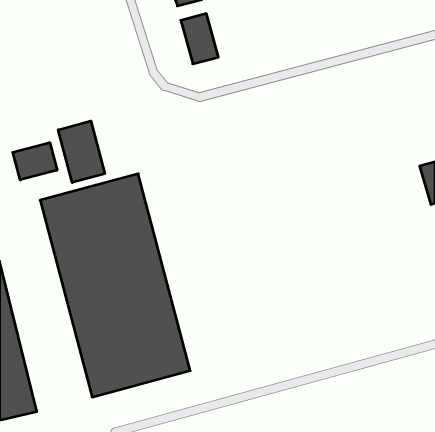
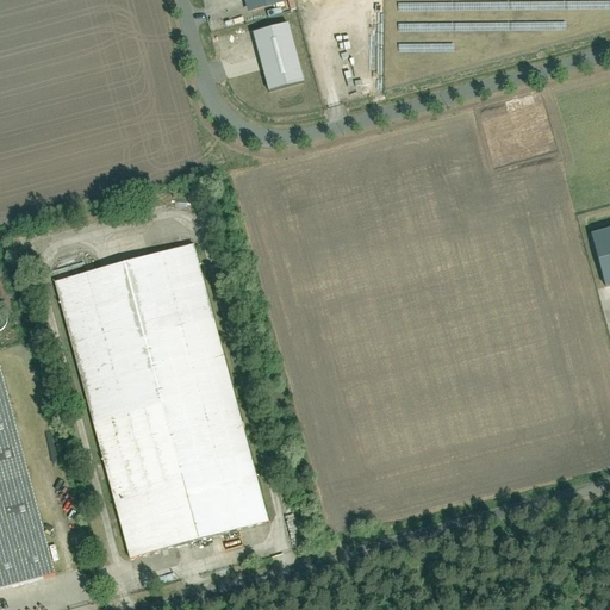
building: [58,121,105,183] -> none
building: [13,143,57,180] -> none

